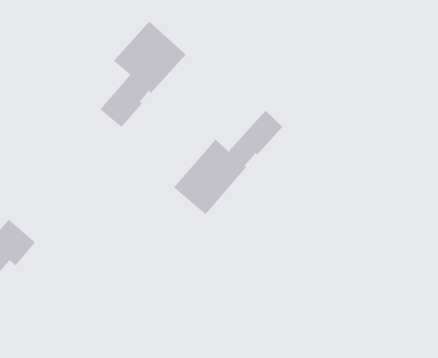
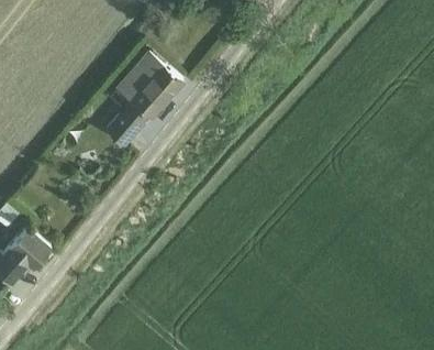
building: [173,110,283,215] -> none

